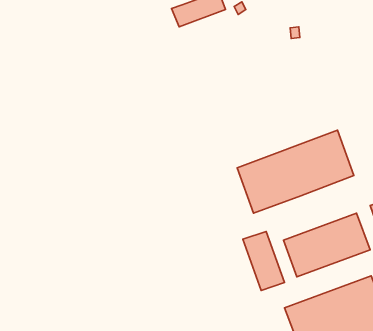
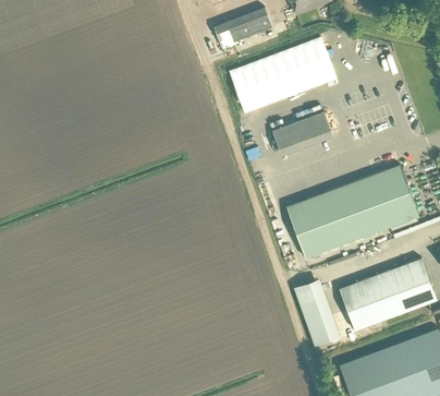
building: none -> [228,37,335,113]
building: none -> [269,109,331,154]

